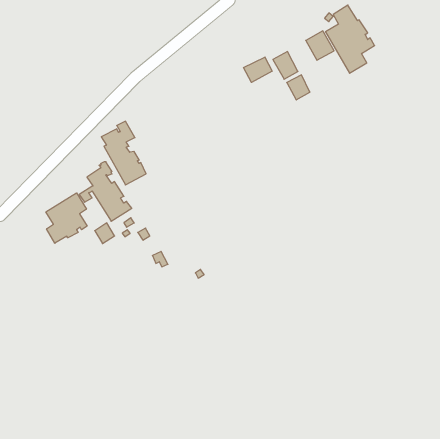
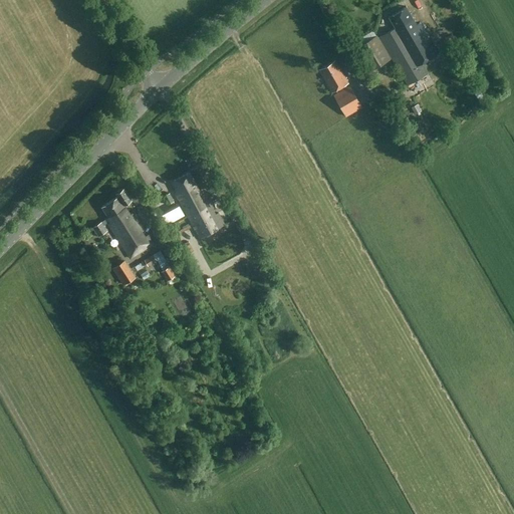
building: [244,57,272,82] -> none
building: [101,121,146,185] -> [172,165,224,239]
building: [46,193,87,243] -> none

